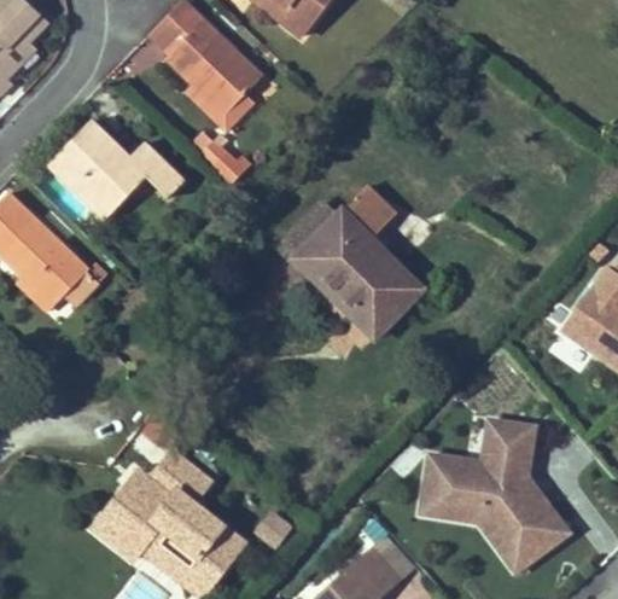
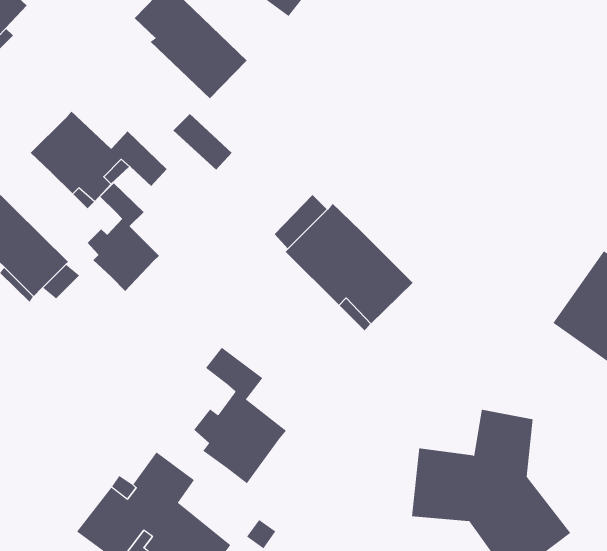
building: [343,188,393,239] -> none
building: none -> [87,183,160,292]
building: none -> [194,347,287,484]

